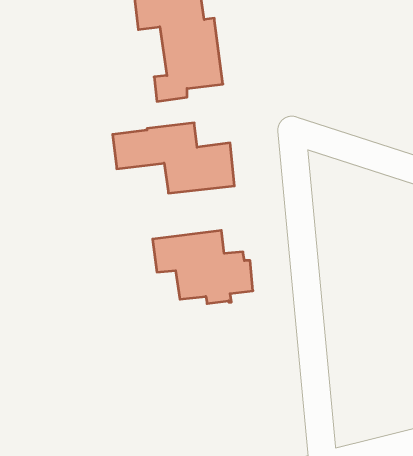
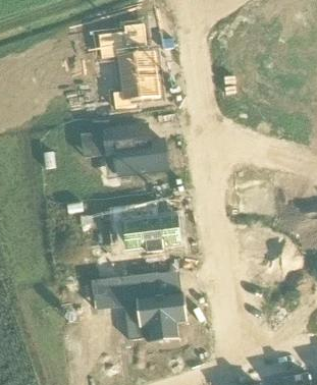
building: none -> [93,272,189,343]

